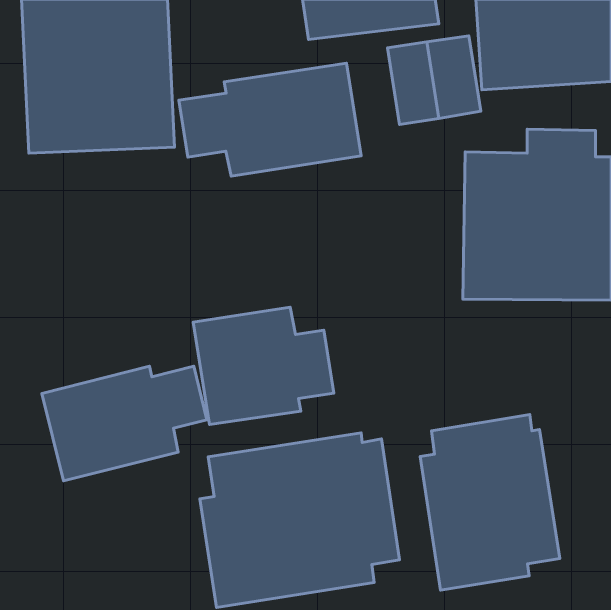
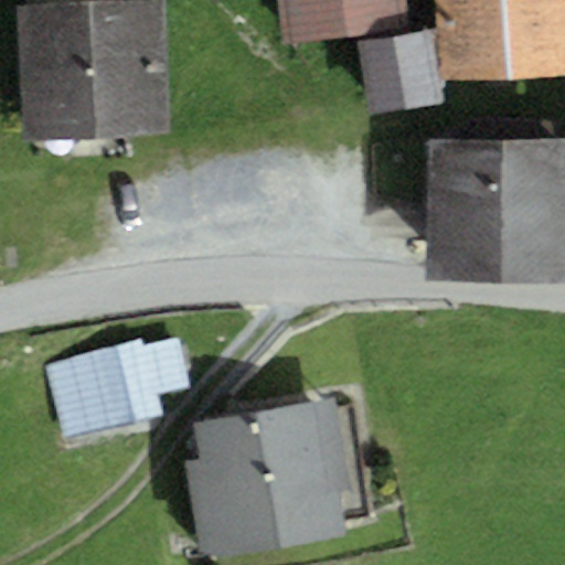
building: [179,63,361,176] -> none
building: [193,307,334,425] -> none
building: [420,415,560,590] -> none

